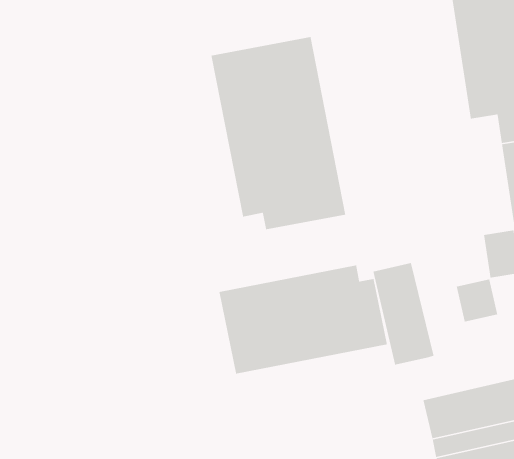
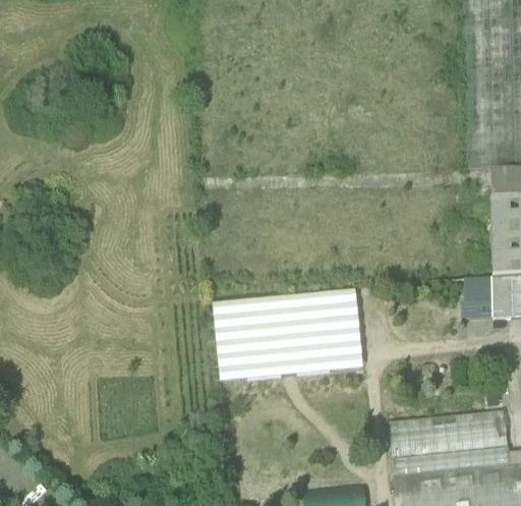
building: [211,36,346,230] -> none
building: [372,262,434,365] -> none
building: [456,279,498,323] -> none

